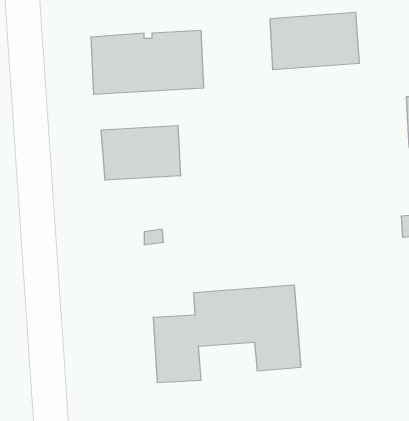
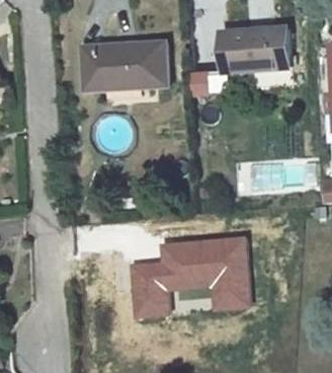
building: [101,125,181,180] -> none

